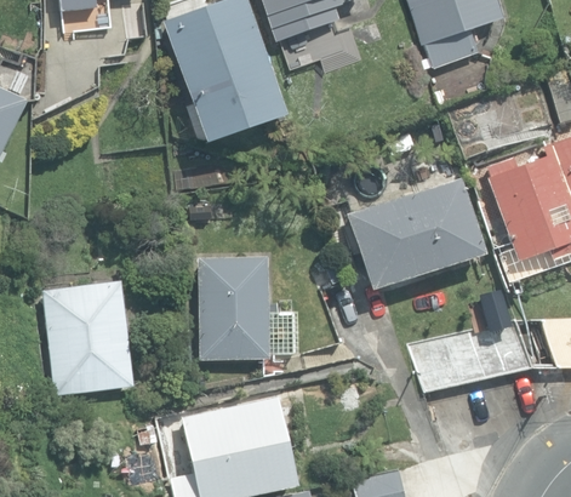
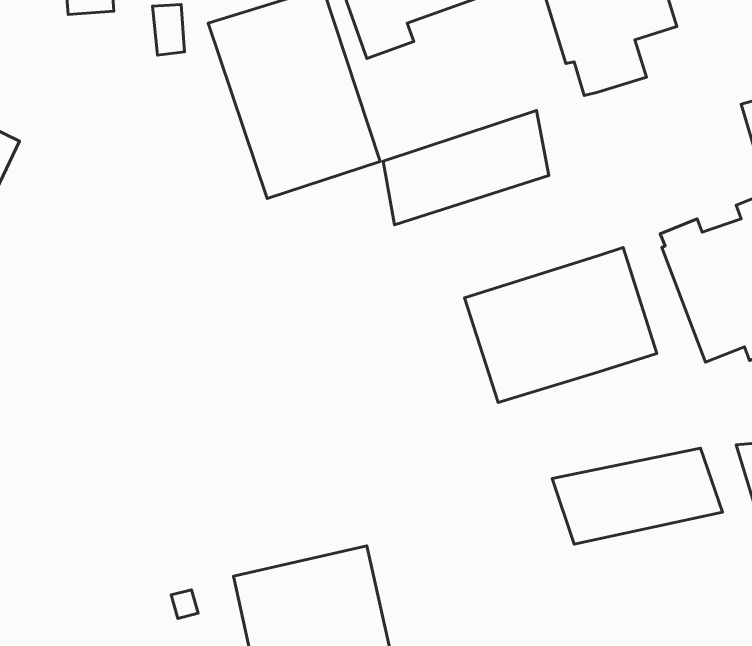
building: none -> [383,110,549,225]
building: [198,257,298,360] -> none
building: [41,282,132,396] -> none

